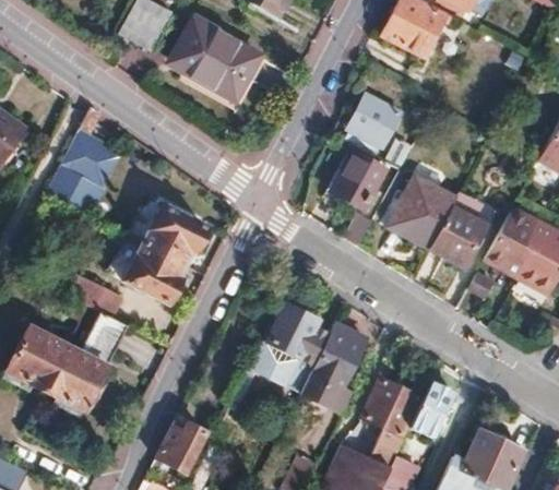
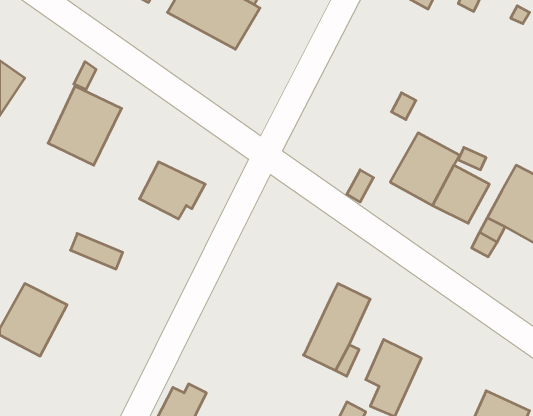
building: [348,94,400,145] -> none
building: [335,152,382,204] -> none
building: [121,242,179,303] -> none
building: [248,306,330,394] -> none
building: [44,315,129,418] -> none
building: [408,382,454,440] -> none

